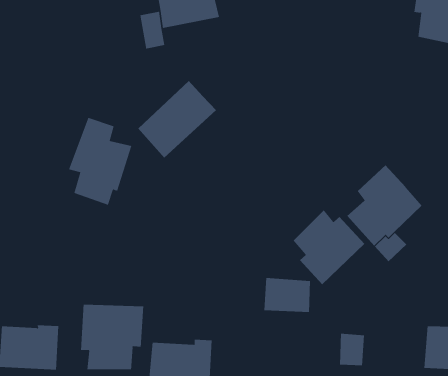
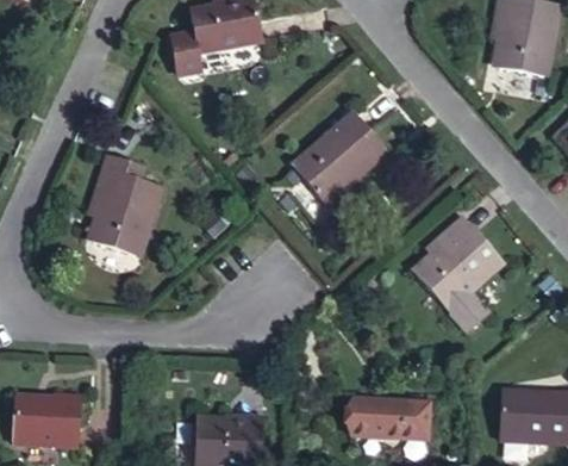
building: [137,80,217,158] -> [291,101,382,192]
building: [293,209,365,285] -> none
building: [264,278,311,313] -> [349,400,404,441]
building: [81,304,144,370] -> none

